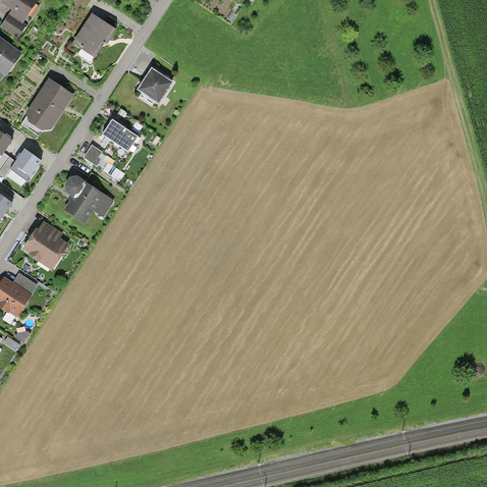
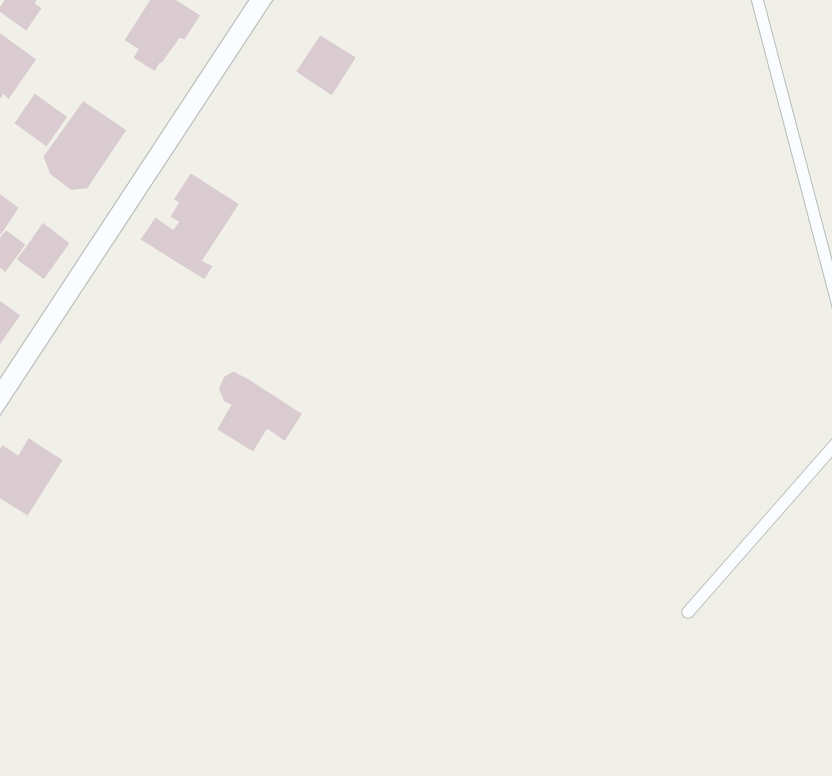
building: [138,67,173,103] -> [295,35,357,96]
building: none -> [13,93,68,148]
building: [62,175,112,222] -> [217,371,303,453]
building: [20,222,68,269] -> none

